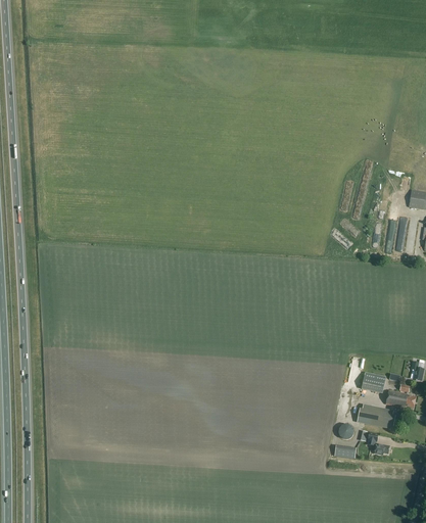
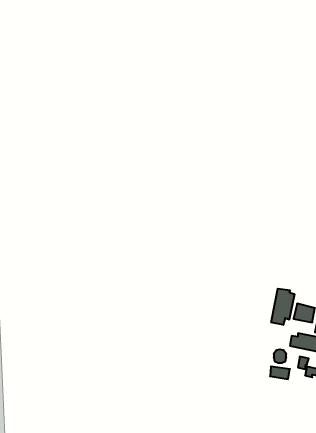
building: none -> [271,289,294,325]

